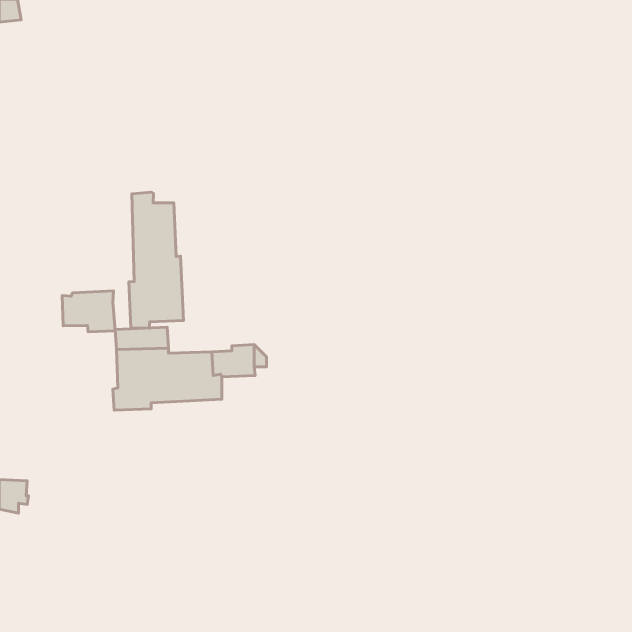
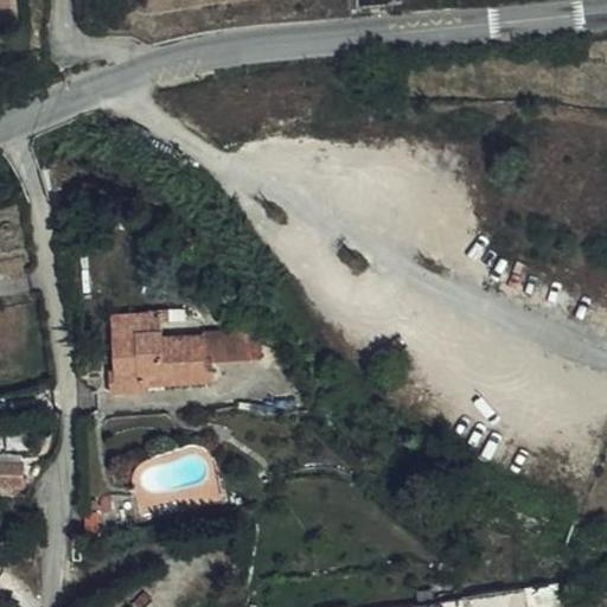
building: [129,192,184,328] -> none
building: [62,291,115,332] -> none

